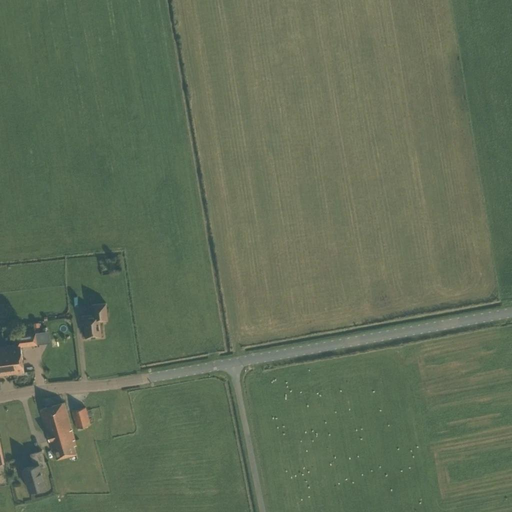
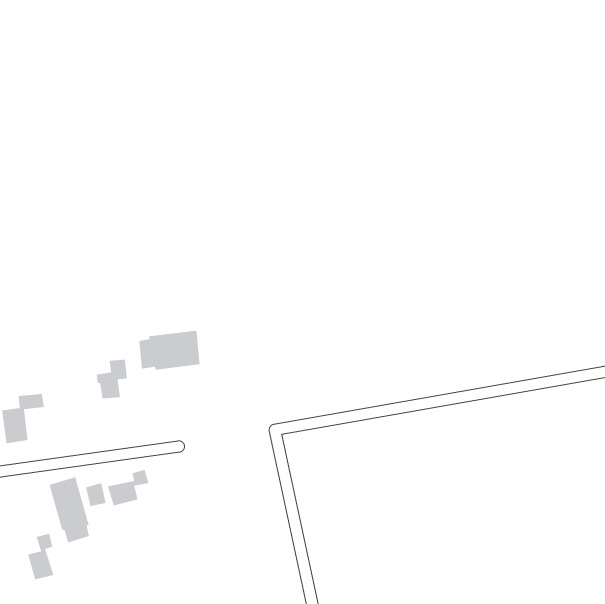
building: none -> [138,330,201,370]
building: none -> [107,469,149,506]

